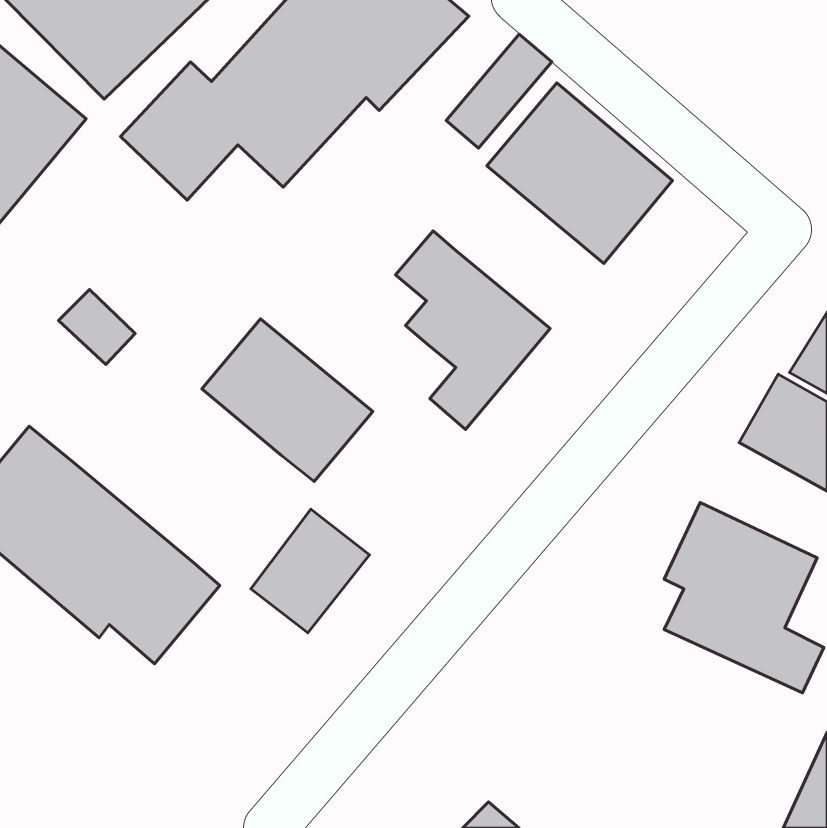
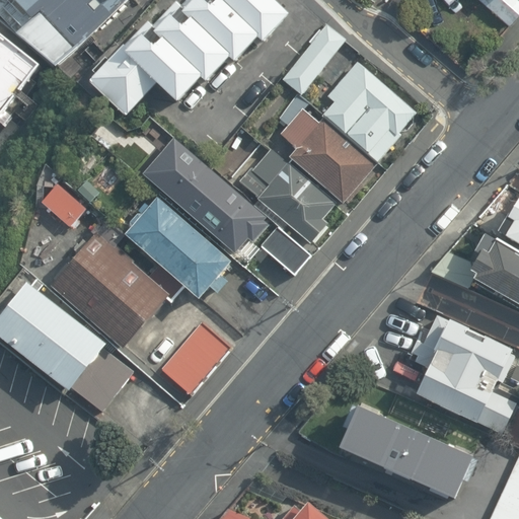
building: none -> [277,103,376,205]
building: none -> [131,116,267,256]
building: none -> [47,223,175,351]
building: none -> [341,405,466,493]

